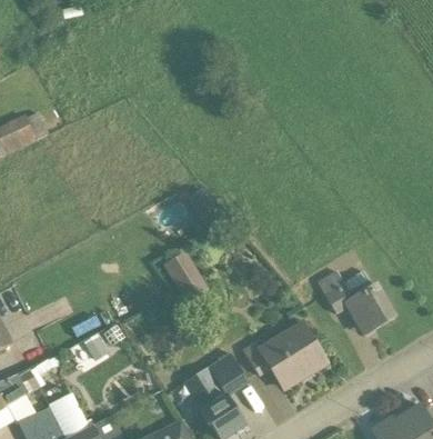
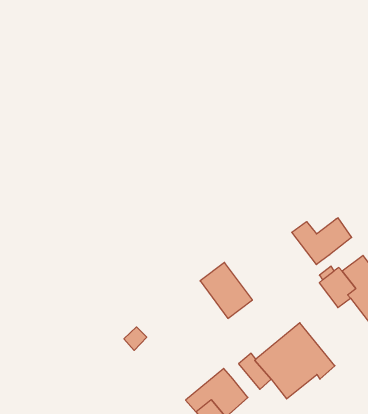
building: none -> [292,218,352,265]
building: [167,261,210,310] -> [200,262,252,318]

